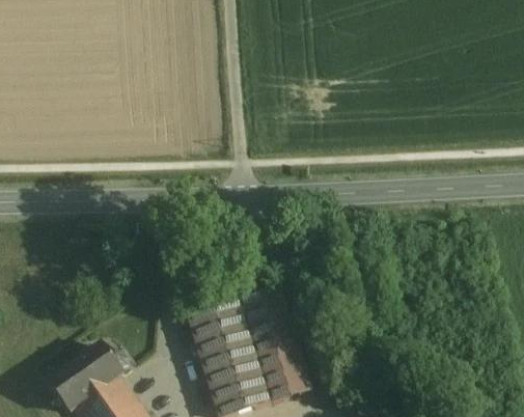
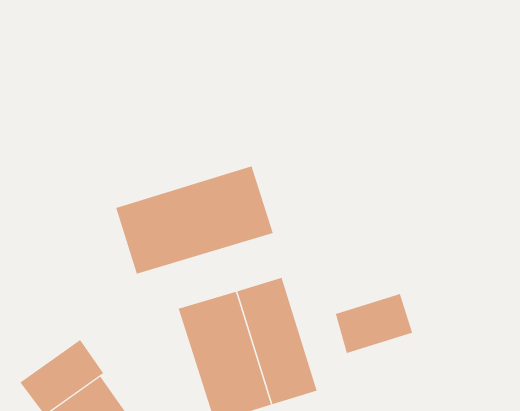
building: none -> [116,165,274,275]
building: none -> [335,293,413,354]

